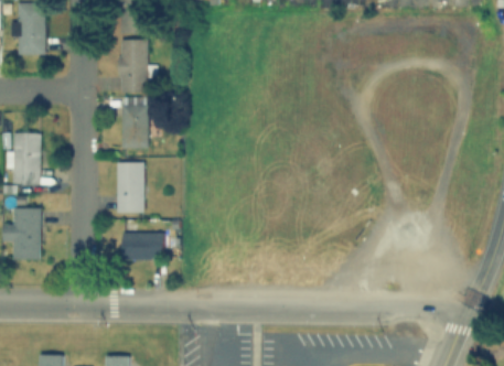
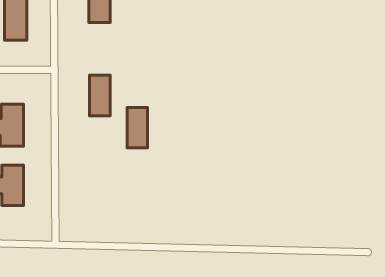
building: [118,40,147,93] -> none
building: [116,163,141,213] -> [127,108,148,148]
building: [122,223,162,259] -> none

